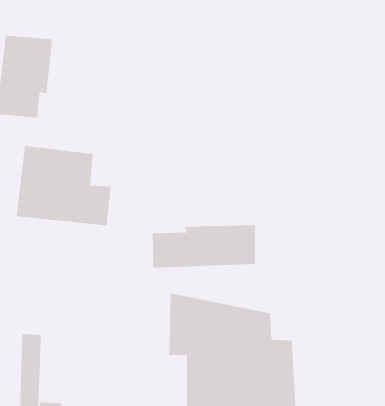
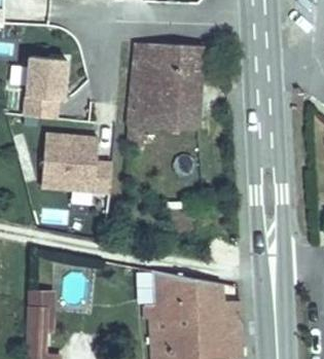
building: none -> [127,47,200,150]
building: [152,224,256,268] -> none

